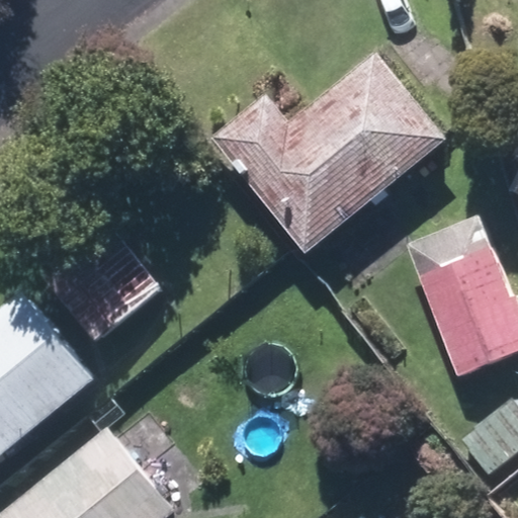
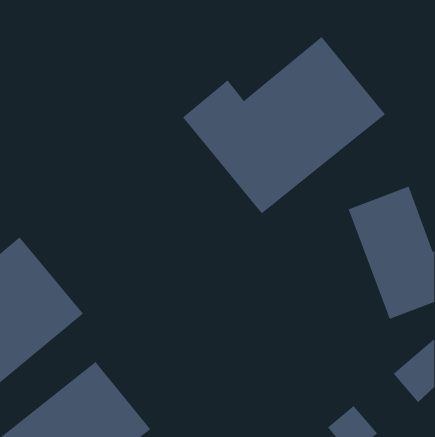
building: [48,234,158,342] -> none

